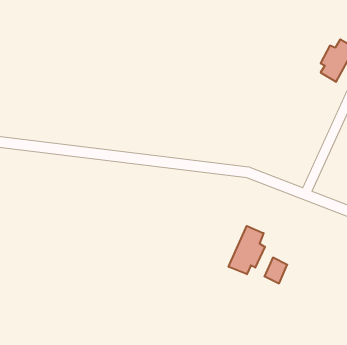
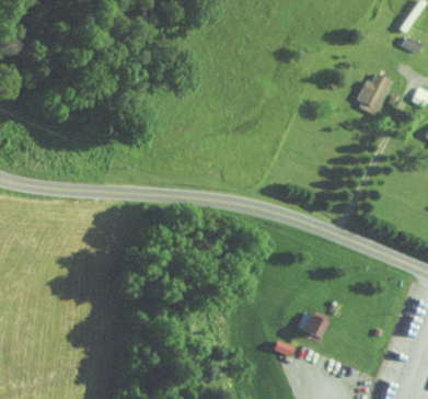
building: [229,226,265,274] -> none

